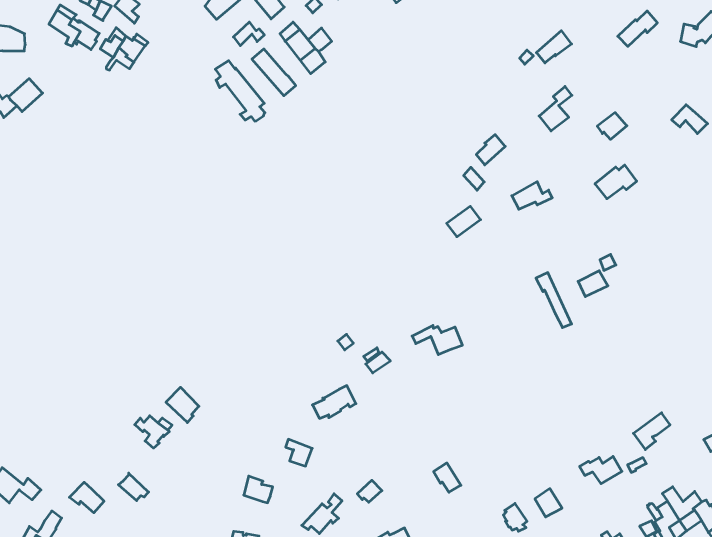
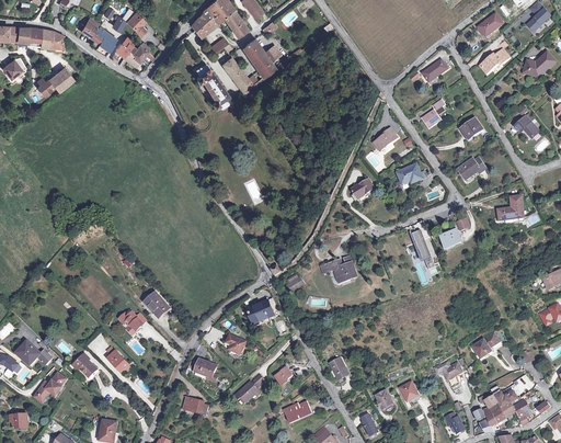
building: none -> [497,195,524,223]

